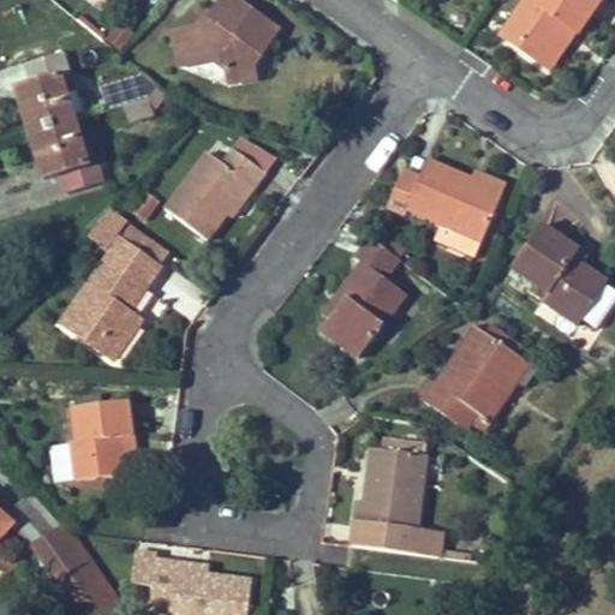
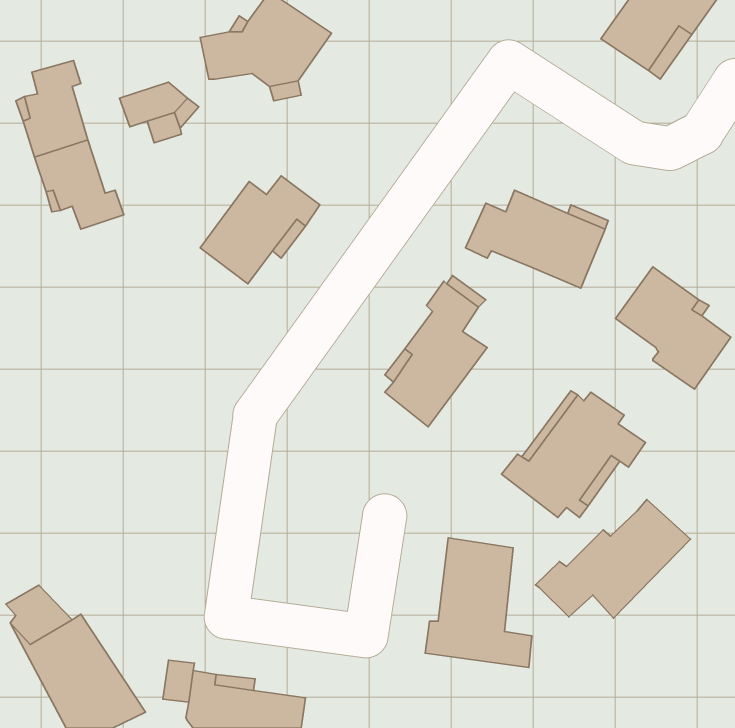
building: [55,201,171,356] -> none
building: [72,398,132,478] -> none
building: none -> [536,499,691,618]

